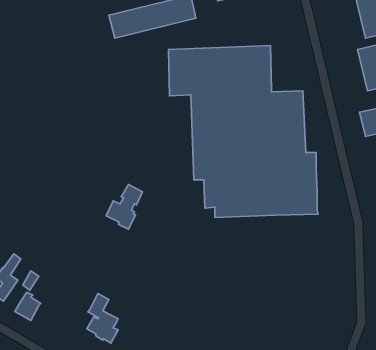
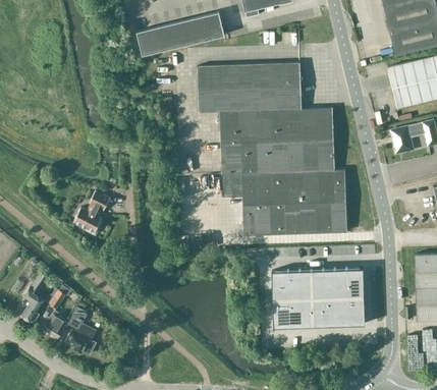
building: [106,185,143,229] -> [74,190,111,235]
building: none -> [272,268,365,327]
building: [87,293,118,343] -> [65,305,97,355]

